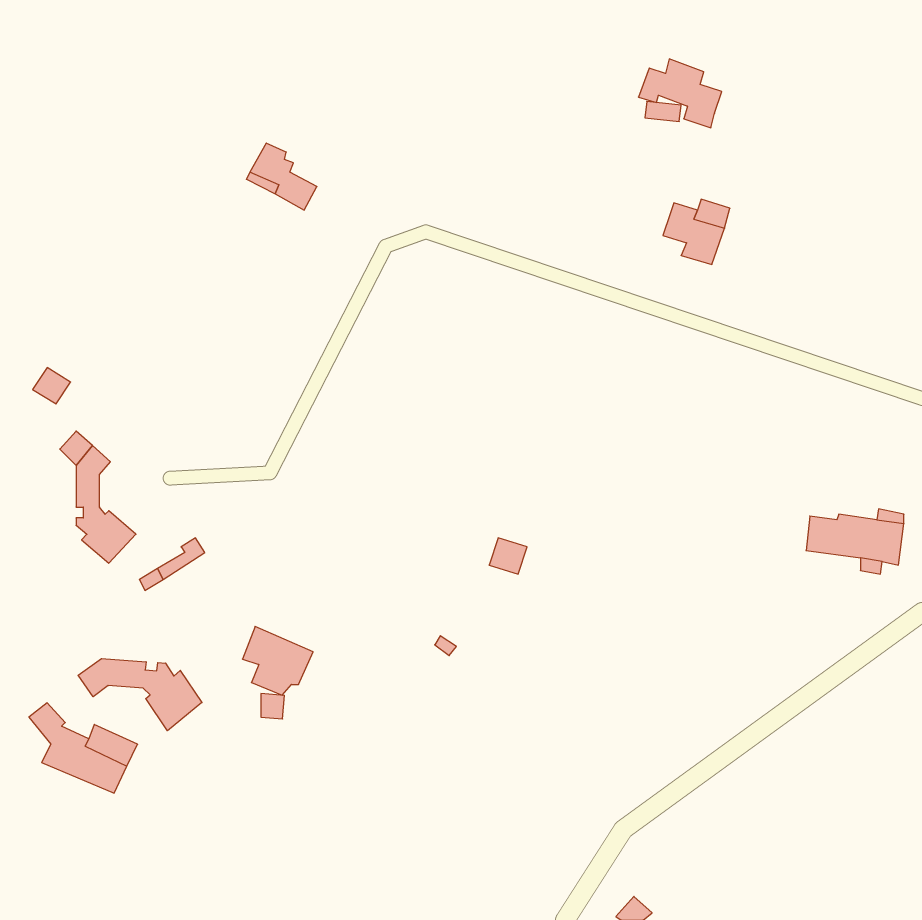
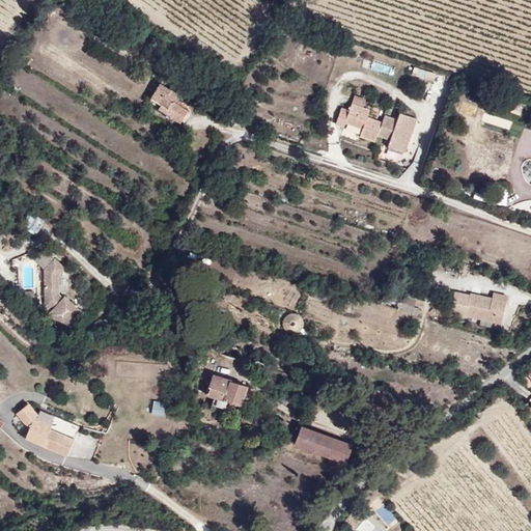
building: [638,59,722,128] -> [336,104,384,143]
building: [242,626,313,695] -> [202,372,243,412]
building: [78,659,202,731] -> none
building: none -> [294,427,350,467]

